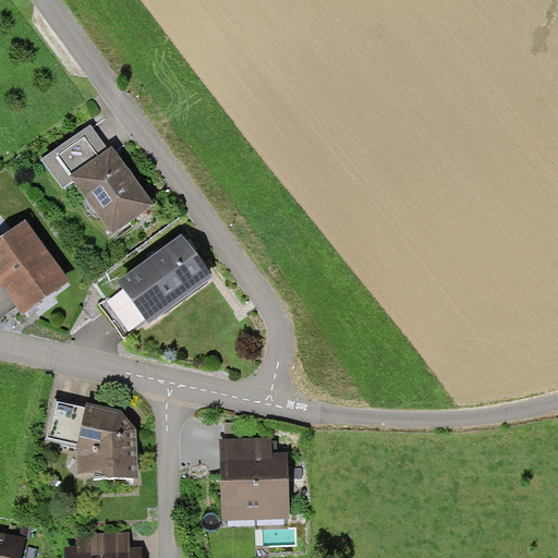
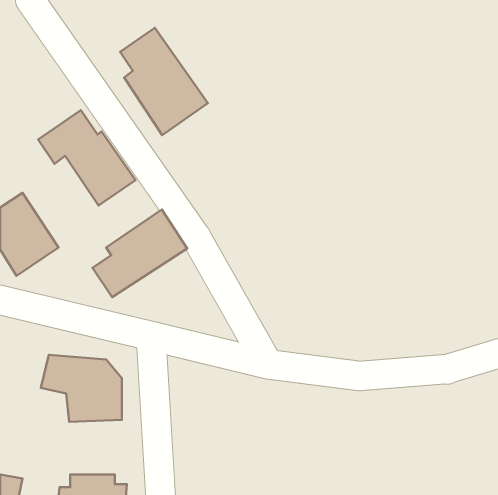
building: none -> [120,28,208,135]
building: [221,437,290,515] -> none

